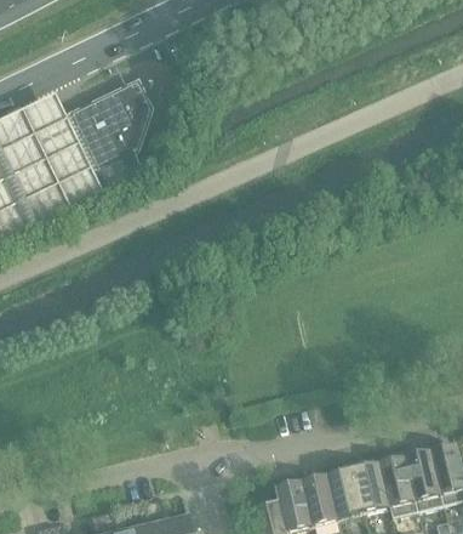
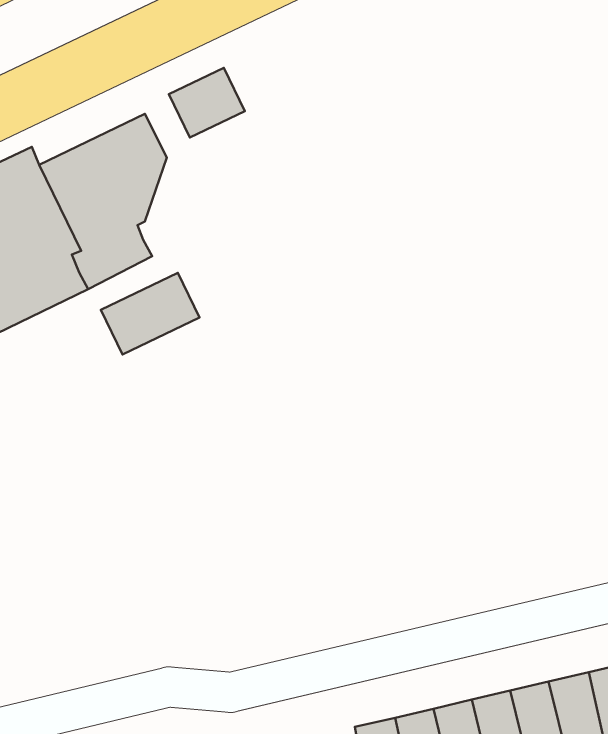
building: none -> [169,68,245,138]
building: none -> [101,273,200,354]

